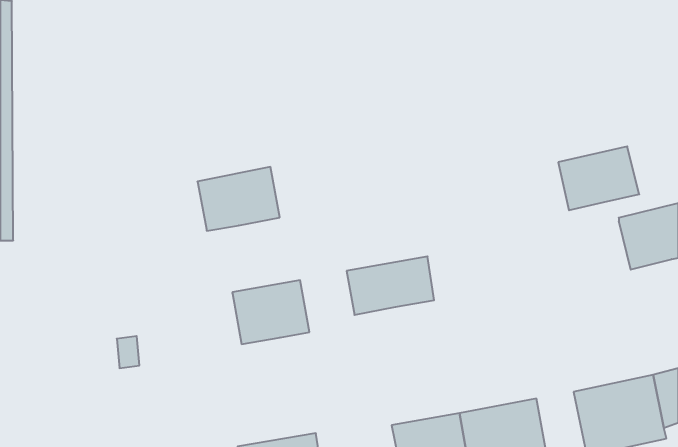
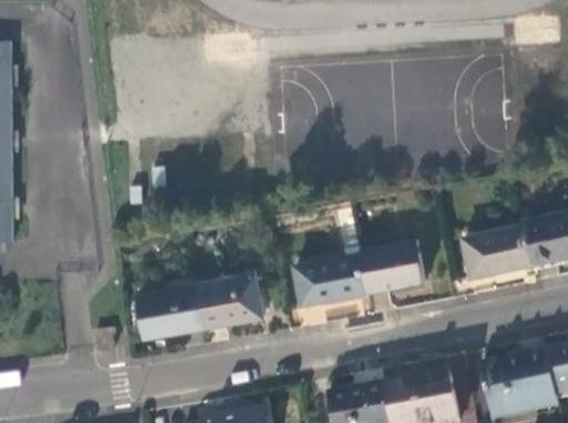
building: [558,146,639,210] -> [459,225,527,279]
building: [197,167,280,231] -> [133,285,202,339]
building: none -> [356,241,420,291]

